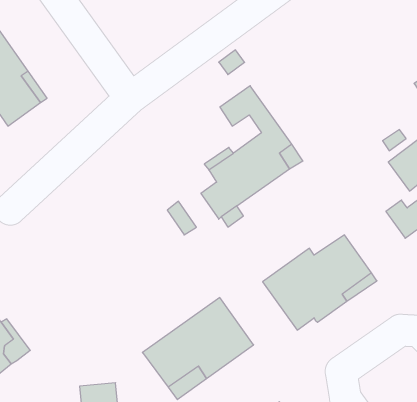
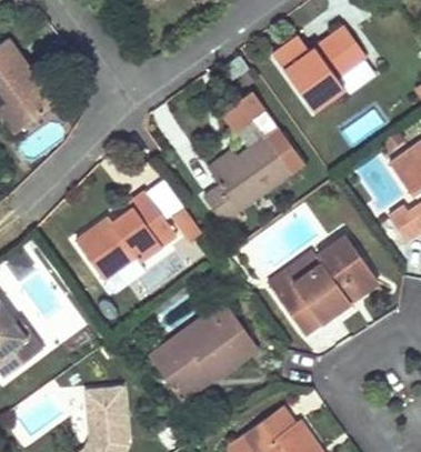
building: none -> [273,26,369,112]
building: none -> [77,190,177,278]

